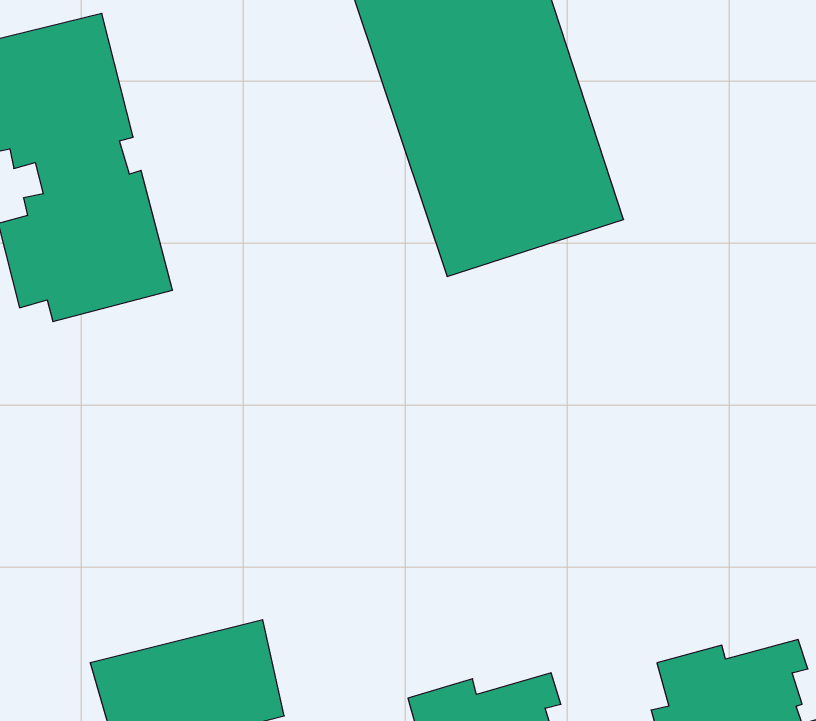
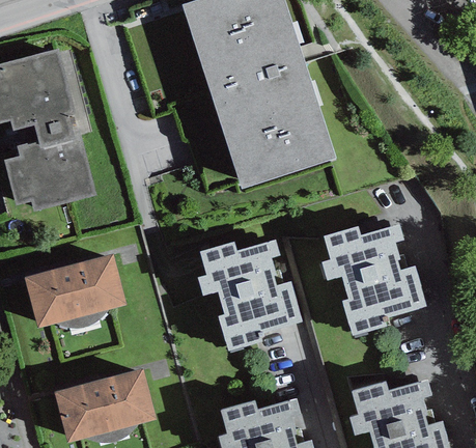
building: none -> [320,223,426,335]
building: none -> [197,239,303,351]
building: none -> [23,254,125,328]

